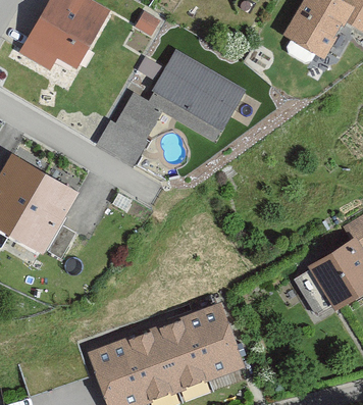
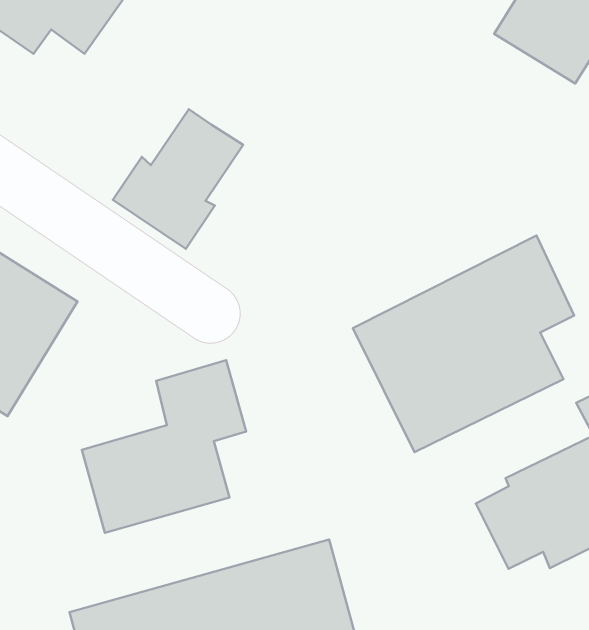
building: [143,45,244,137] -> none
building: none -> [353,235,574,452]
building: none -> [82,360,246,533]

